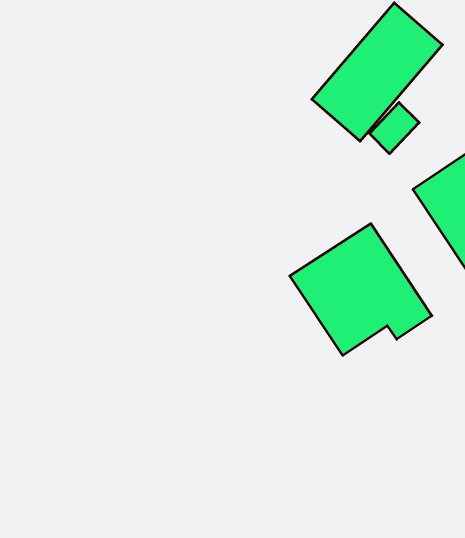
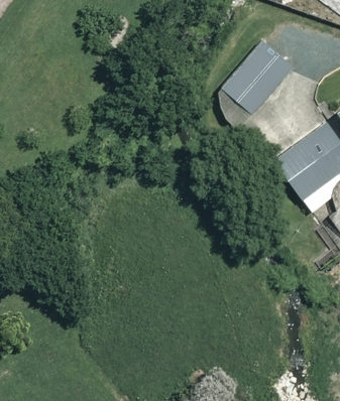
building: [290,224,432,355] -> none

